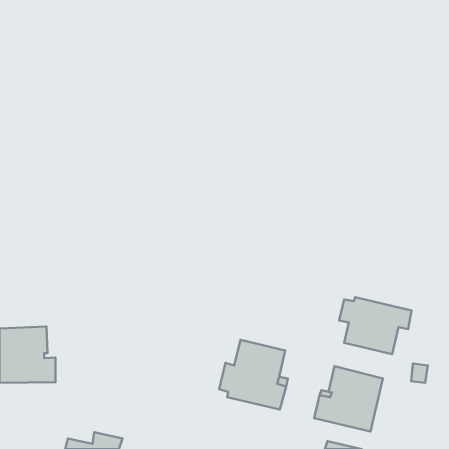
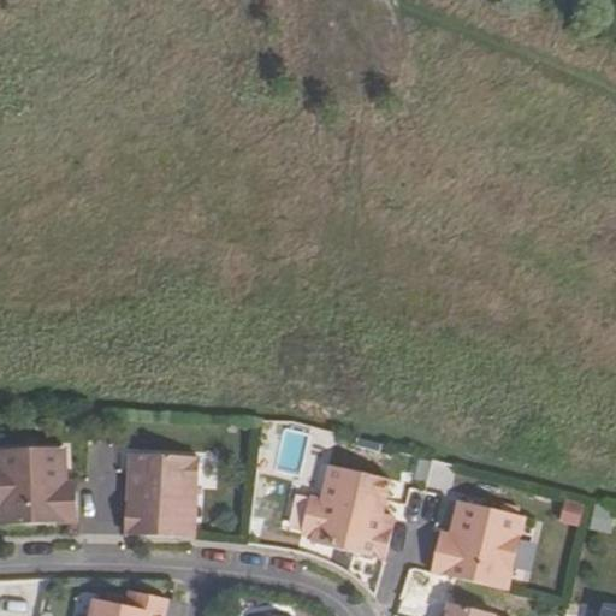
building: [339,297,412,354] -> none
building: none -> [124,454,197,538]

